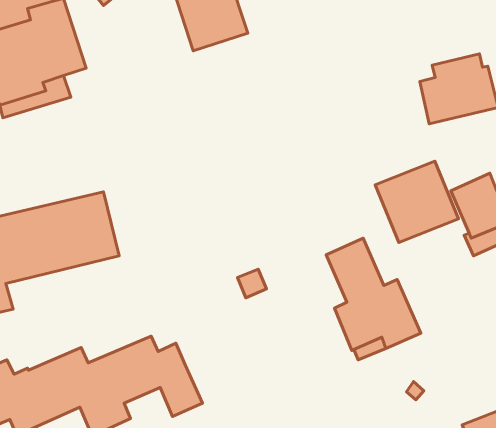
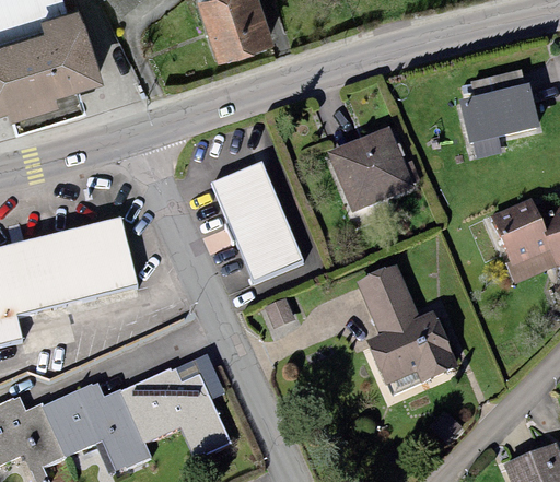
building: none -> [209,160,305,282]
building: [375,161,459,243] -> [326,126,415,212]
building: none -> [172,352,224,399]

